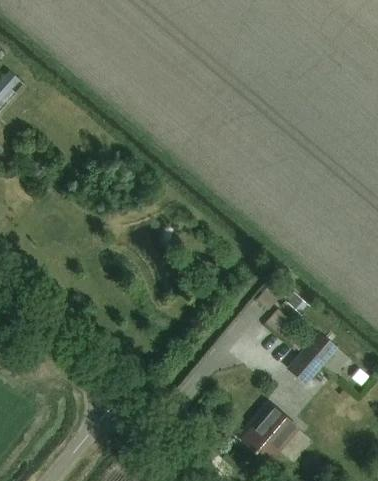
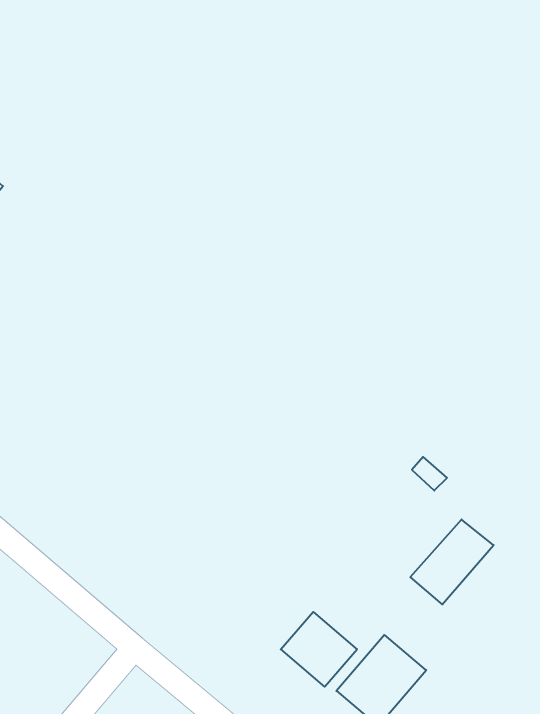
building: none -> [281,612,357,687]

